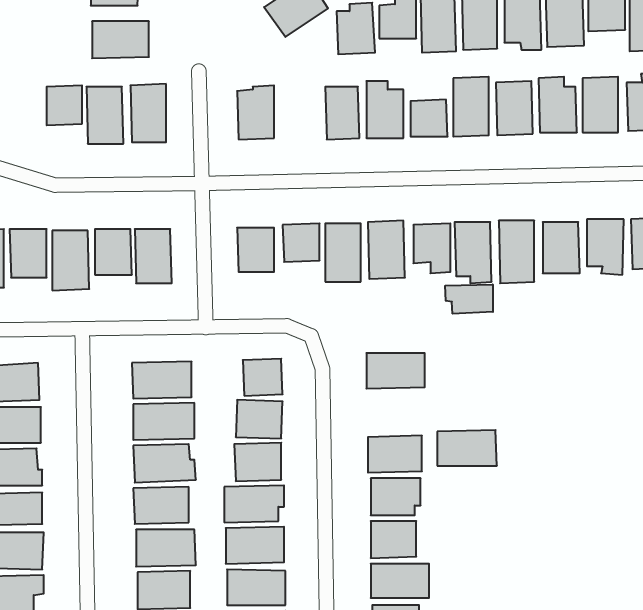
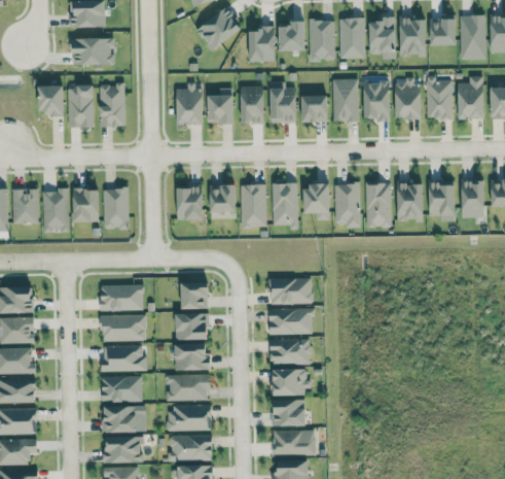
building: none -> [207,88,233,123]
building: [445,284,493,314] -> none
building: [437,430,497,466] -> [268,308,312,334]

